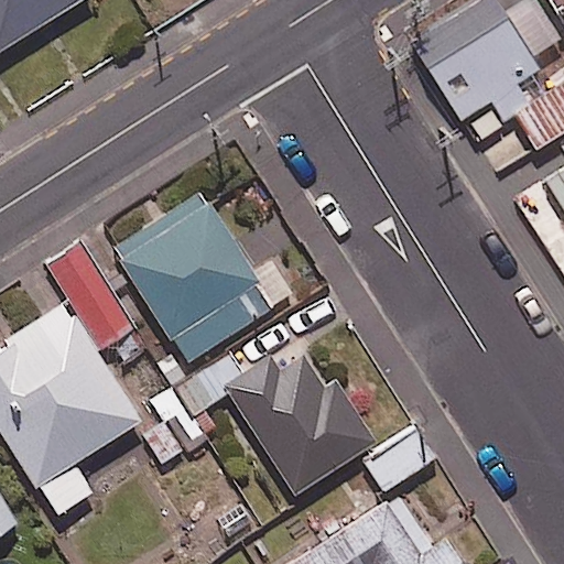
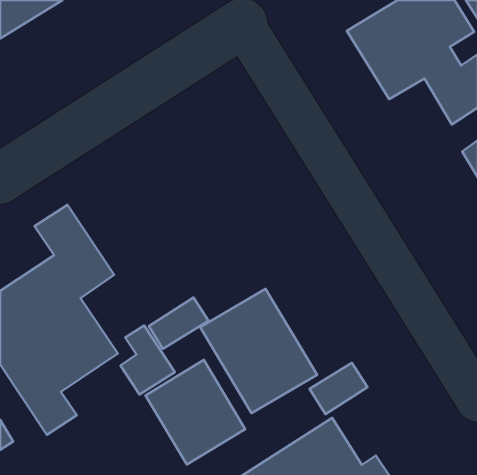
building: [112,194,292,364] -> none
building: none -> [146,360,245,465]

